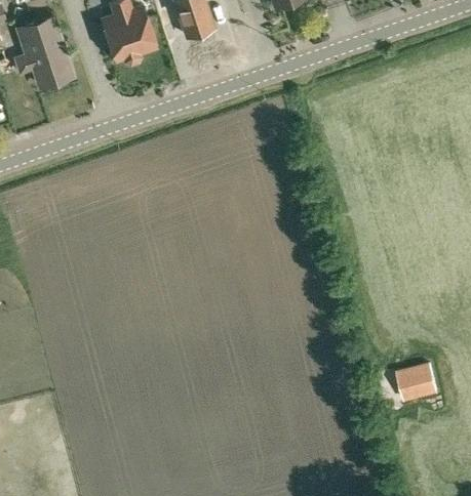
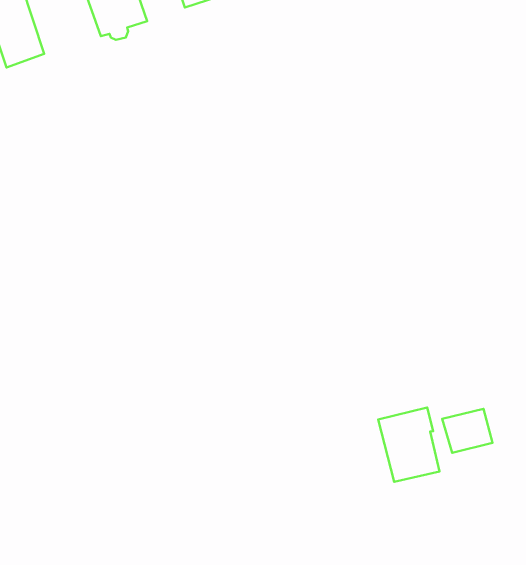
building: none -> [378,407,440,482]

